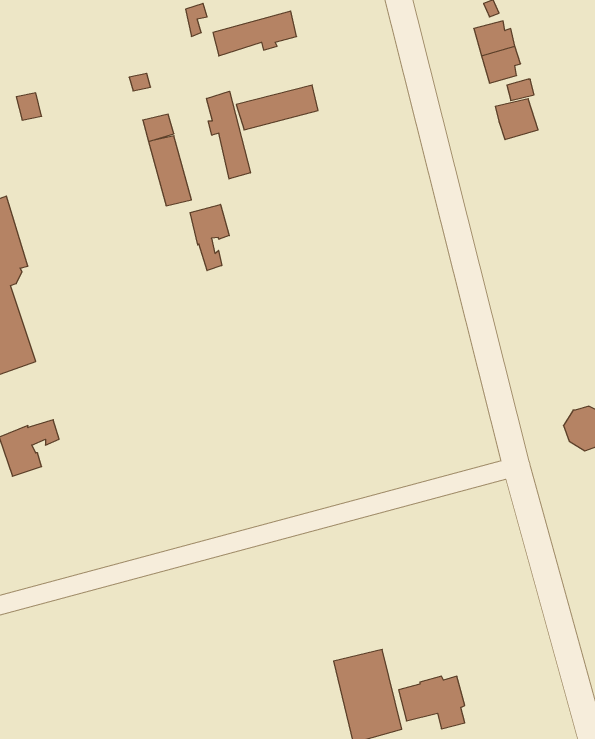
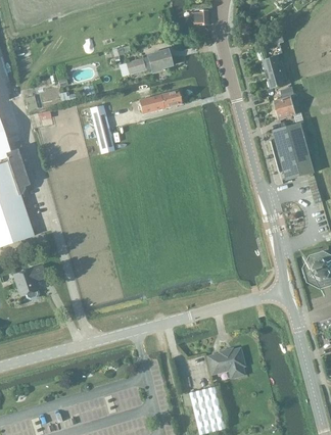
building: [207,91,250,179] -> none
building: none -> [271,122,314,179]
building: [190,204,229,271] -> none
building: [399,676,465,729] -> [209,348,244,376]

